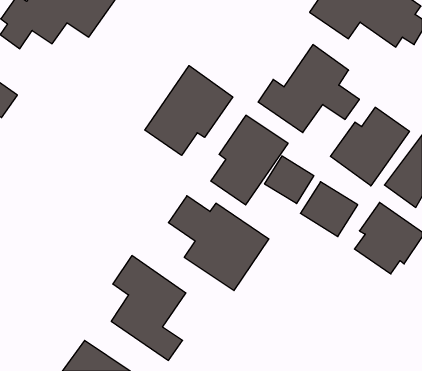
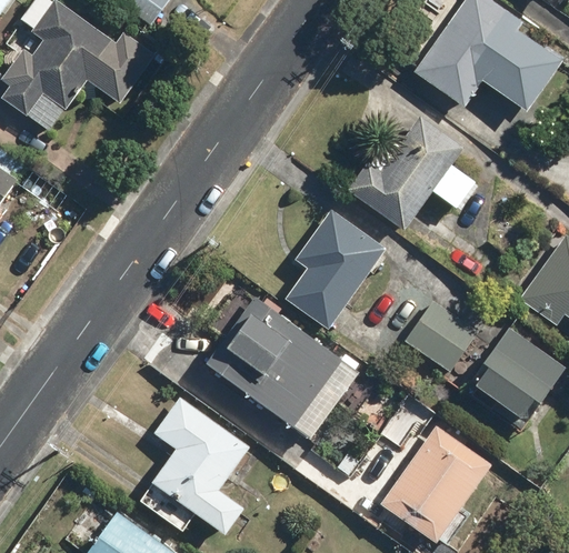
building: [145,66,233,155] -> none
building: [330,107,409,186] -> none
building: [265,156,314,204] -> none
building: none -> [379,421,491,542]

